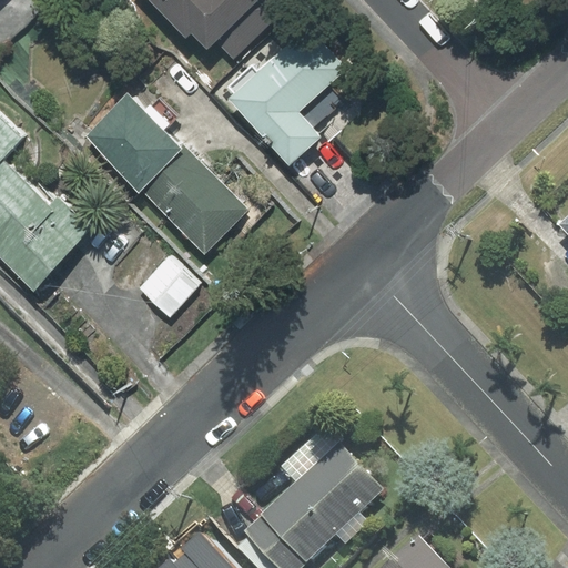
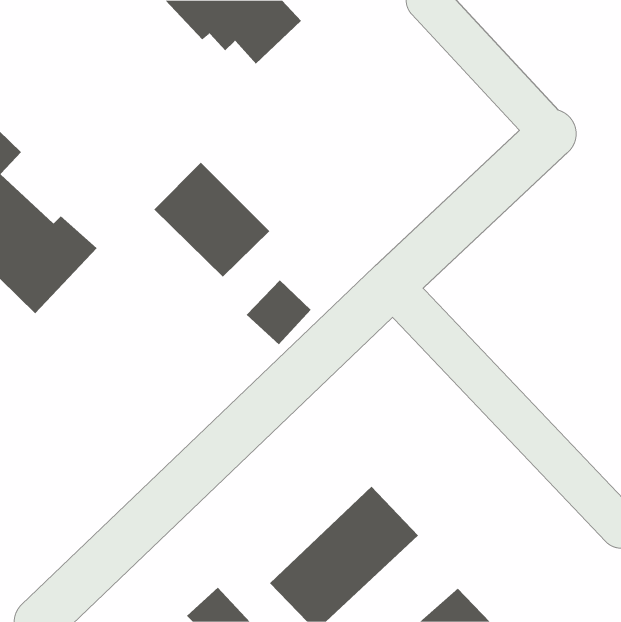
building: [227,26,347,165] -> none
building: [85,93,183,191] -> none
building: [139,256,199,316] -> [246,279,312,345]

